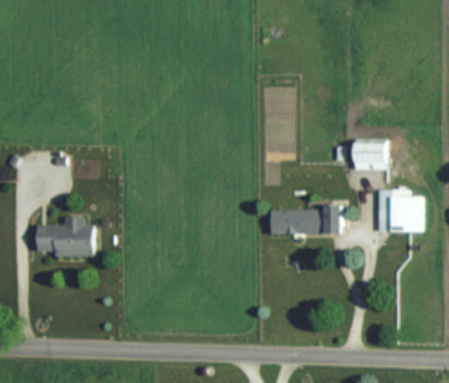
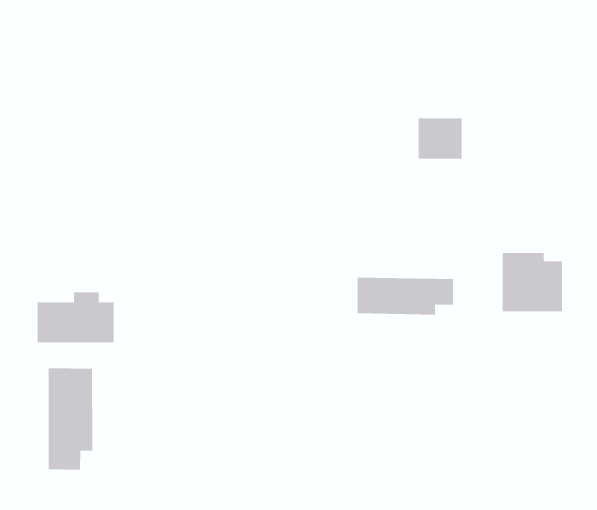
building: [354,140,386,170] -> [418,118,462,159]
building: none -> [48,368,93,470]

